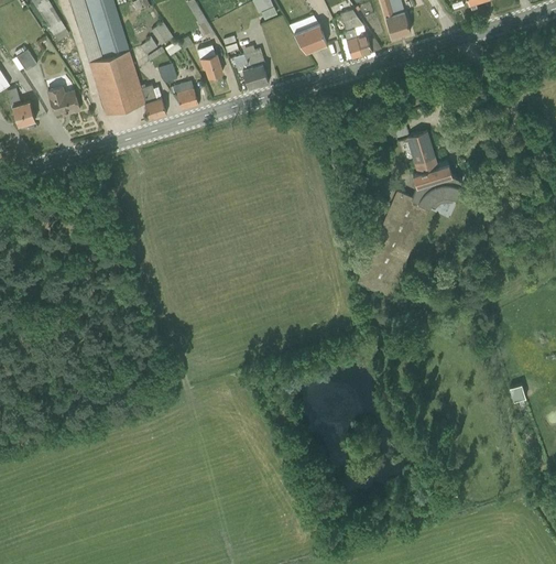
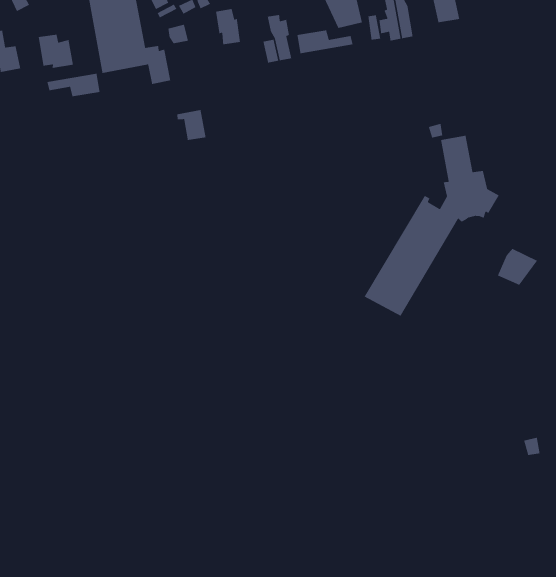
building: none -> [296,29,354,54]
building: [170,80,198,109] -> [176,109,207,141]
building: none -> [47,73,100,97]
building: none -> [497,248,538,286]

